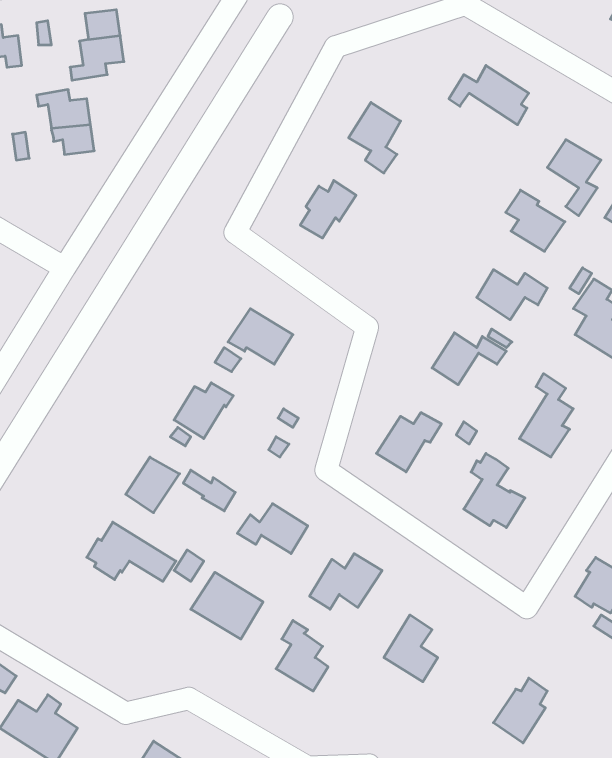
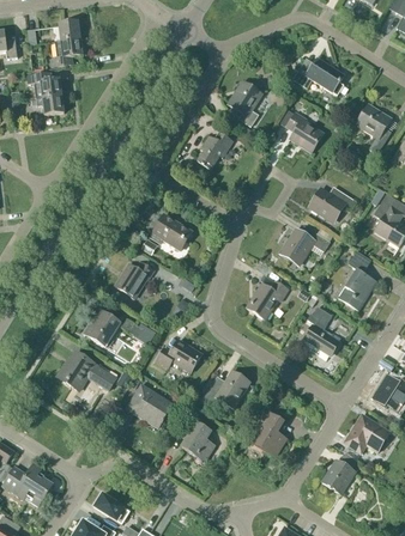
building: [506,190,565,251] -> [285,112,324,152]
building: none -> [344,414,391,453]

